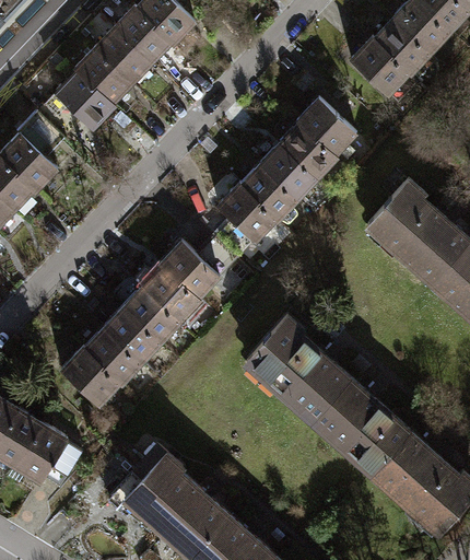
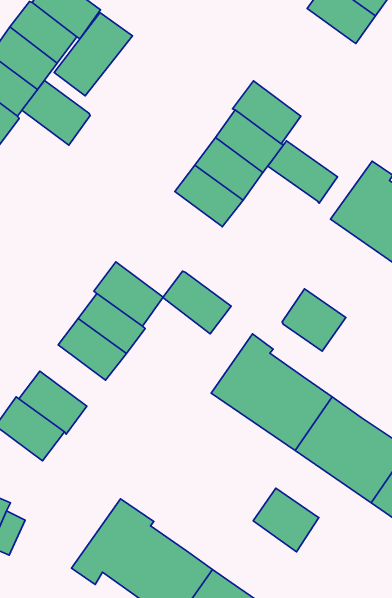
building: none -> [54,13,132,96]
building: [349,40,407,97] -> none
building: none -> [22,80,90,145]
building: none -> [268,141,337,203]
building: [216,186,274,243] -> [163,271,231,334]
building: none -> [282,289,346,351]
building: [104,307,160,363] -> none
building: none -> [253,488,319,552]

